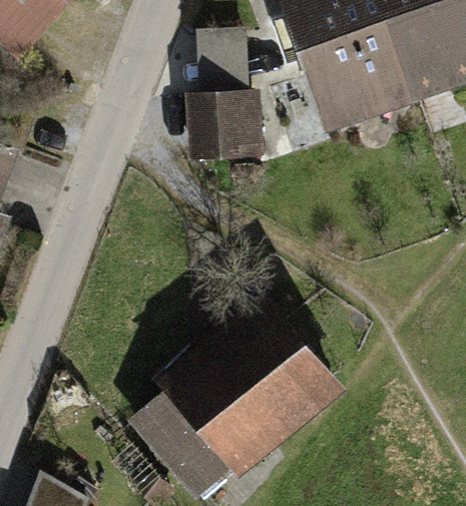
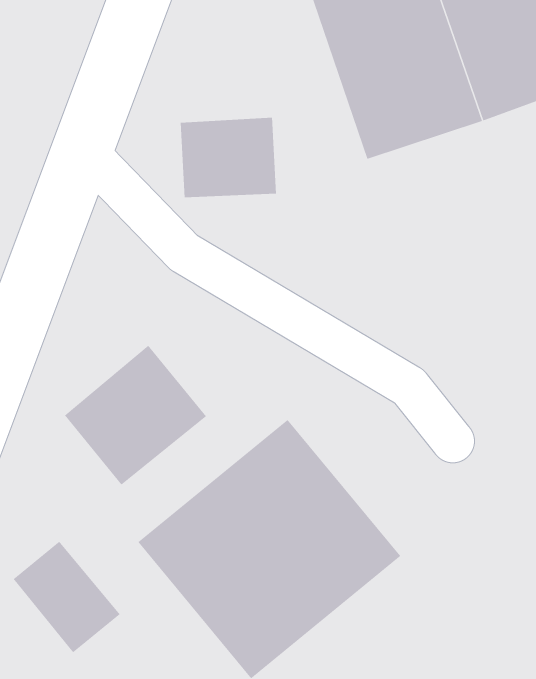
building: none -> [64,345,207,486]
building: none -> [13,541,120,653]

